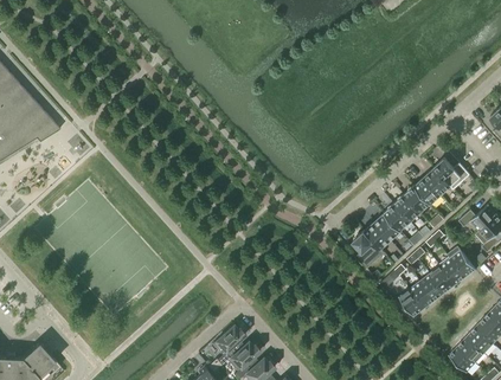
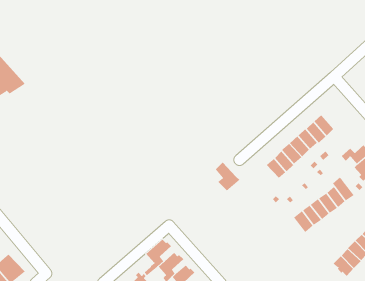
building: [433,157,469,189] -> none
building: [353,230,385,268] -> [215,161,240,191]

